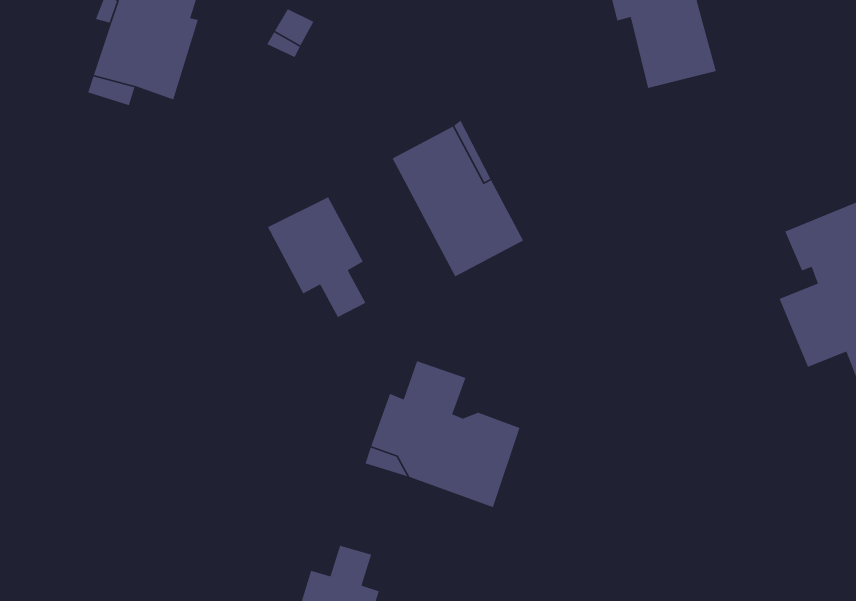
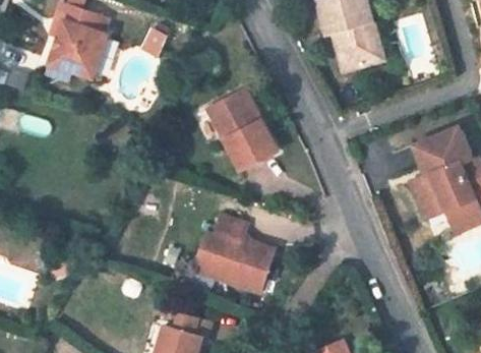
building: [267,196,367,318] -> none

